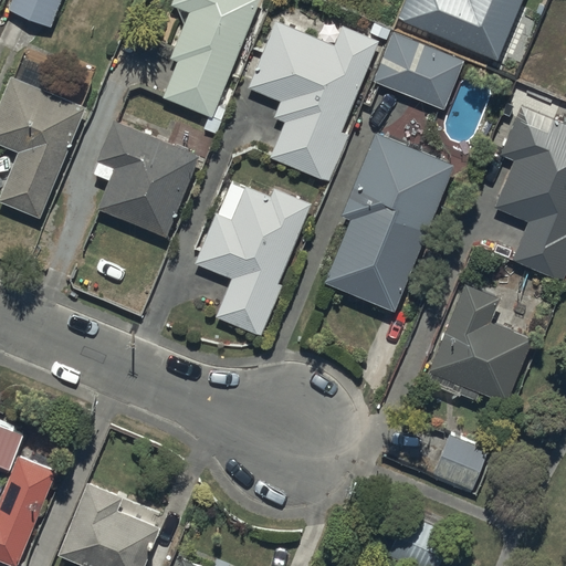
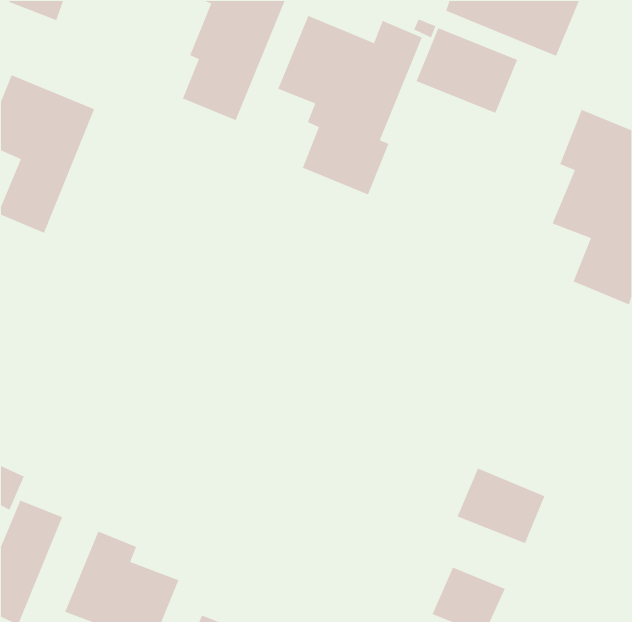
building: [96,118,199,237] -> none
building: [324,132,453,310] -> none
building: [195,184,311,336] -> none
building: [428,283,532,401] -> none

